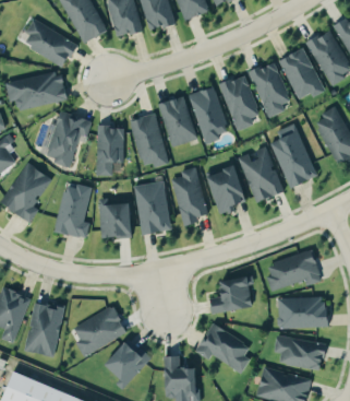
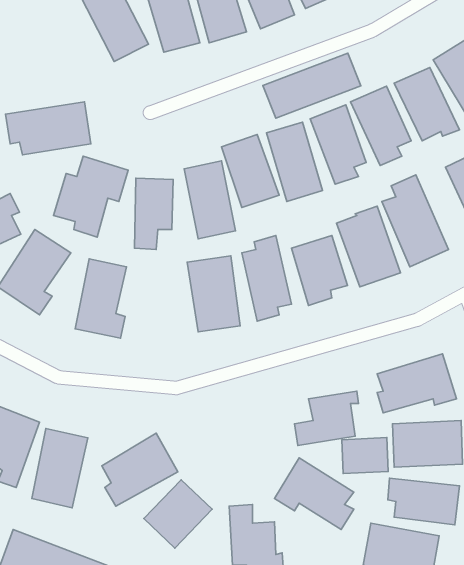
building: [24,19,76,67] -> none
building: none -> [263,53,361,118]
building: [98,198,131,238] -> none
building: none -> [342,438,388,473]

